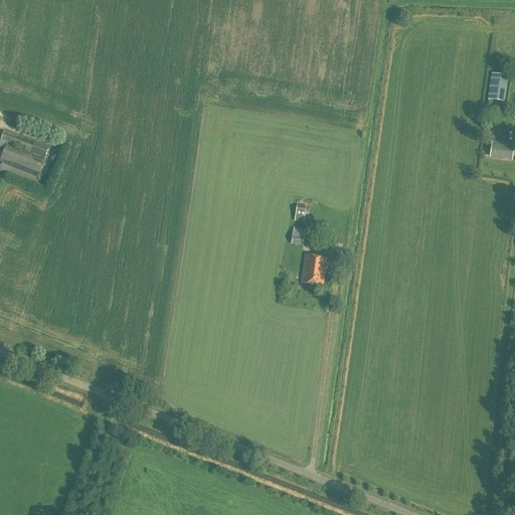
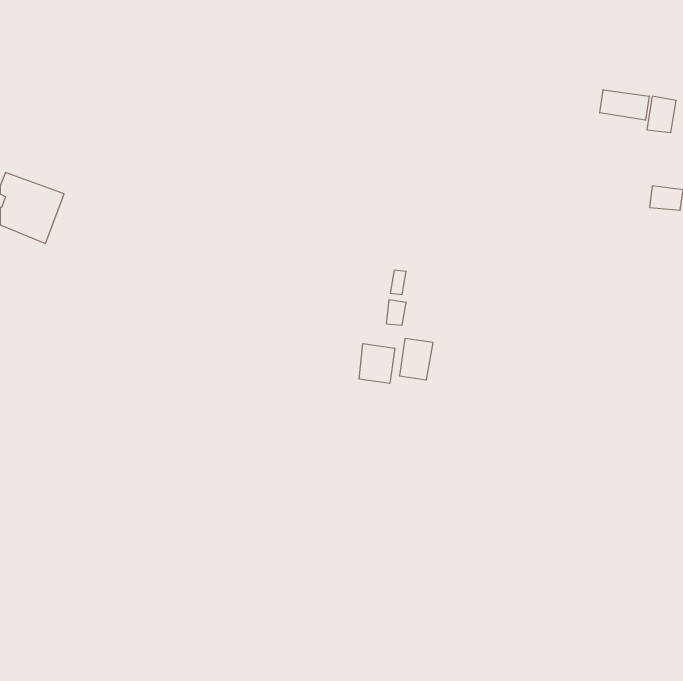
building: none -> [600,90,649,120]
building: none -> [359,344,395,383]

